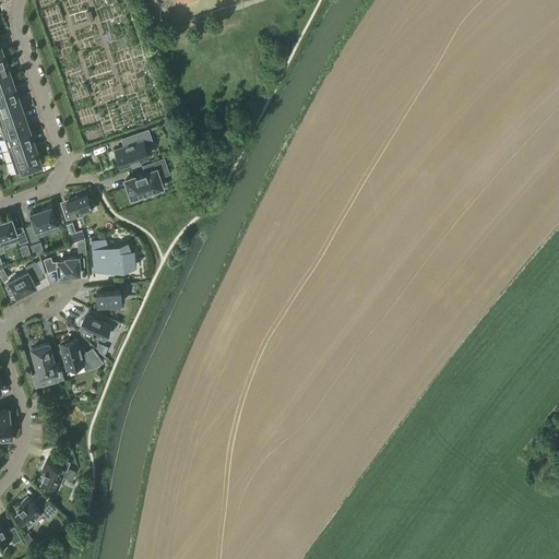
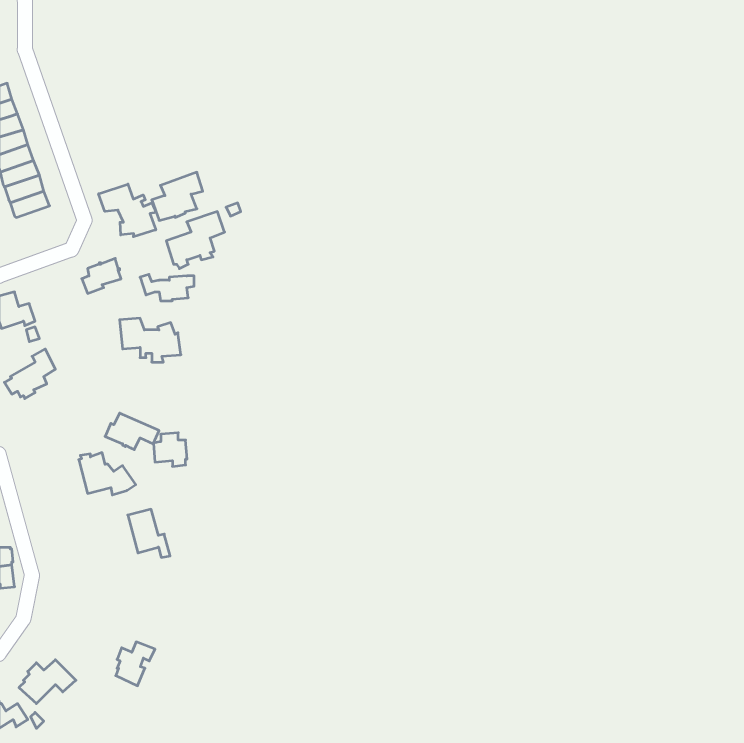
building: none -> [99,184,156,237]
building: [12,156,40,185] -> none
building: [24,209,56,245] -> none
building: [43,259,83,278] -> [140,274,194,301]
building: [95,286,120,311] -> [153,433,187,466]
building: [31,346,62,382] -> [128,509,170,557]
building: [40,459,70,491] -> [116,642,155,686]

